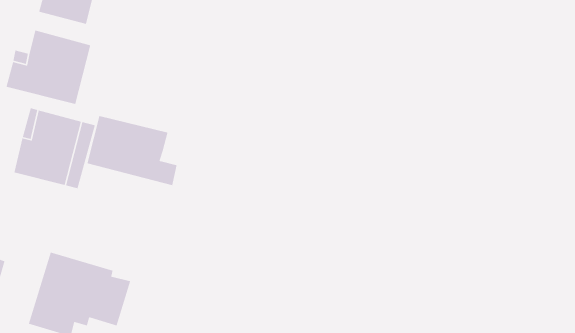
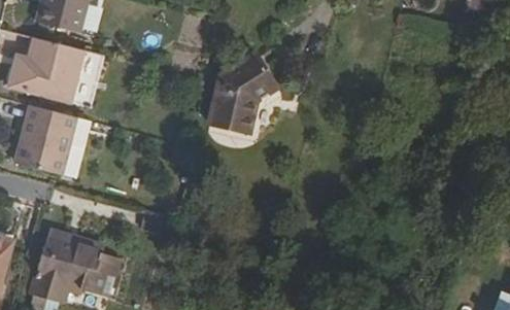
building: none -> [208,46,277,129]
building: [86,115,178,186] -> none

